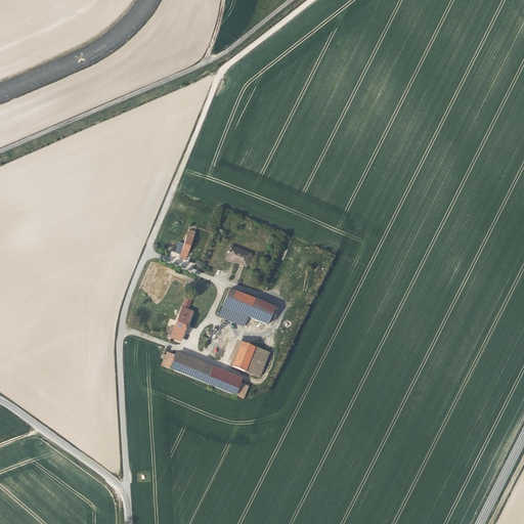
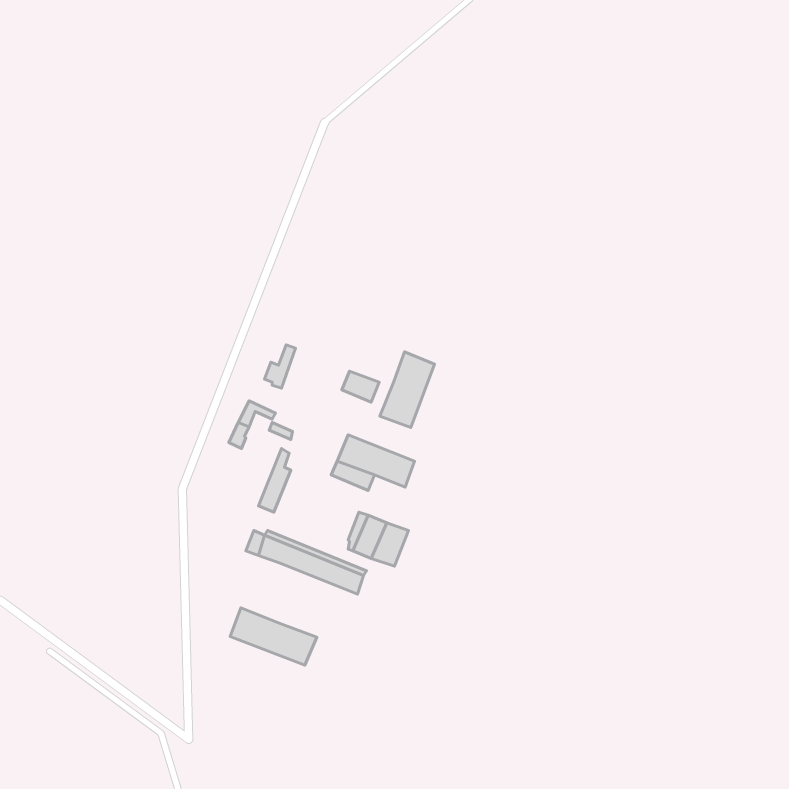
building: none -> [380,352,434,428]
building: none -> [230,608,317,665]

